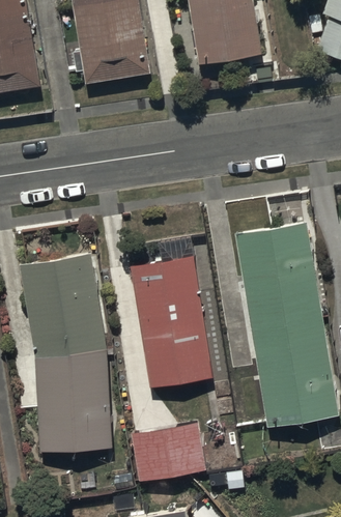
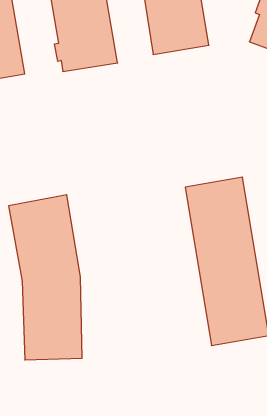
building: [130,234,210,381] -> none
building: [131,418,207,477] -> none

